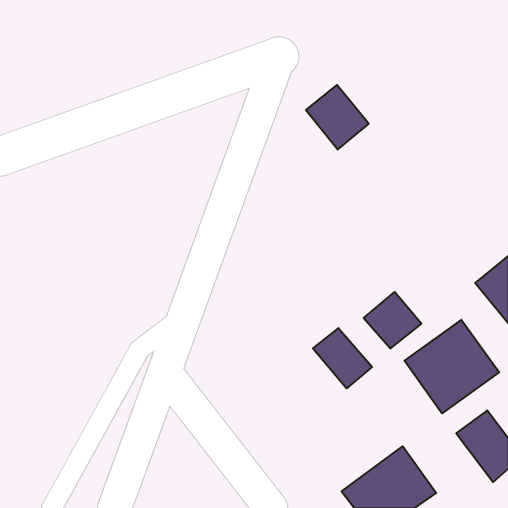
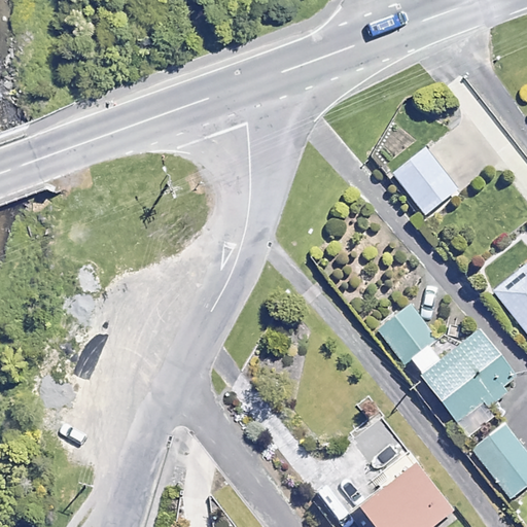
building: [306,85,369,150] -> [392,148,457,215]
building: [313,328,372,388] -> none

